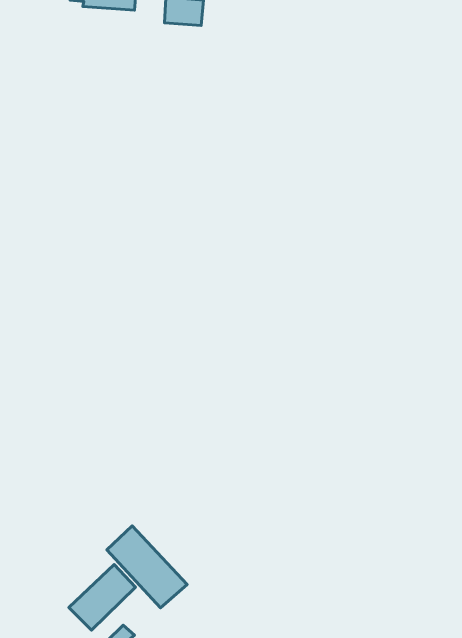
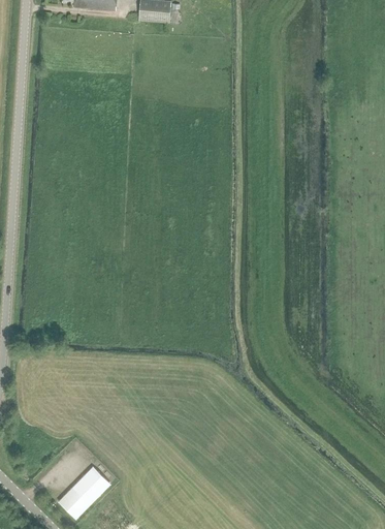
building: [107,526,187,608] -> none

